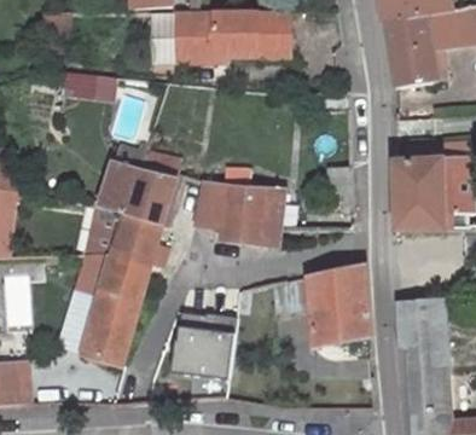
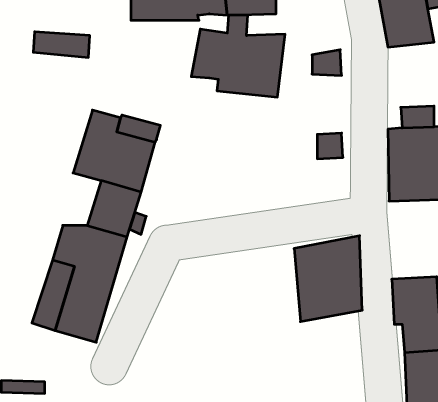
building: [195,169,283,246] -> [191,15,285,97]
building: [88,205,124,255] -> none
building: [174,324,236,378] -> none

